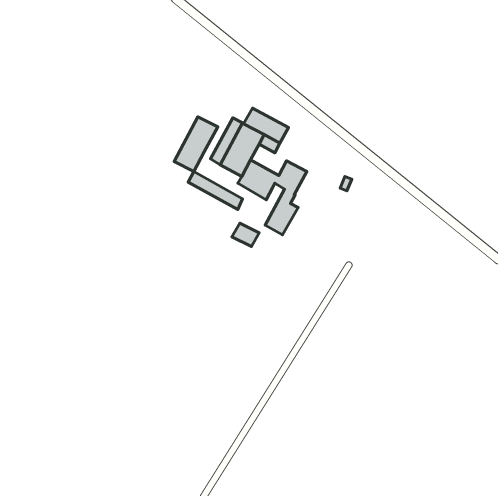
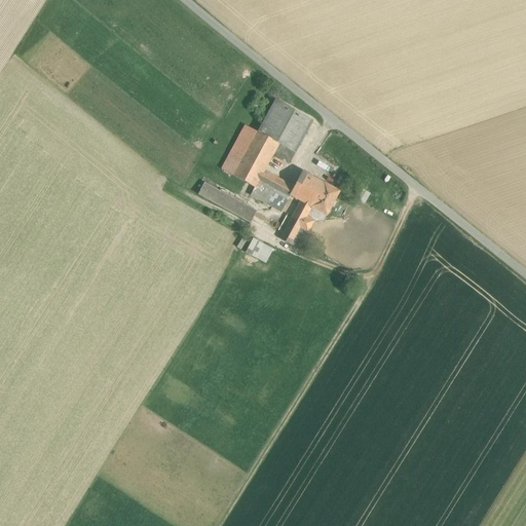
building: none -> [266,98,313,135]
building: [174,117,218,172] -> none
building: none -> [310,181,339,214]

